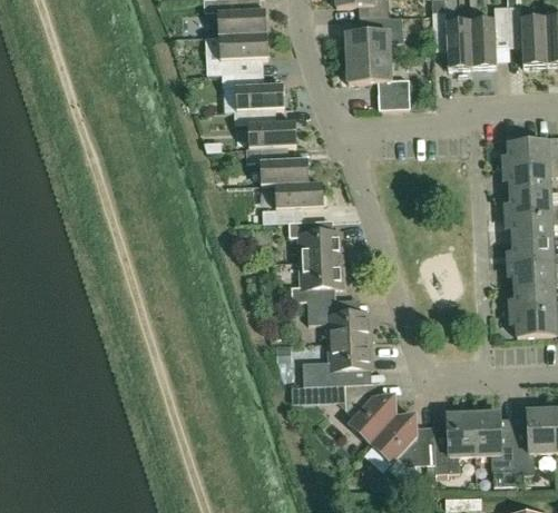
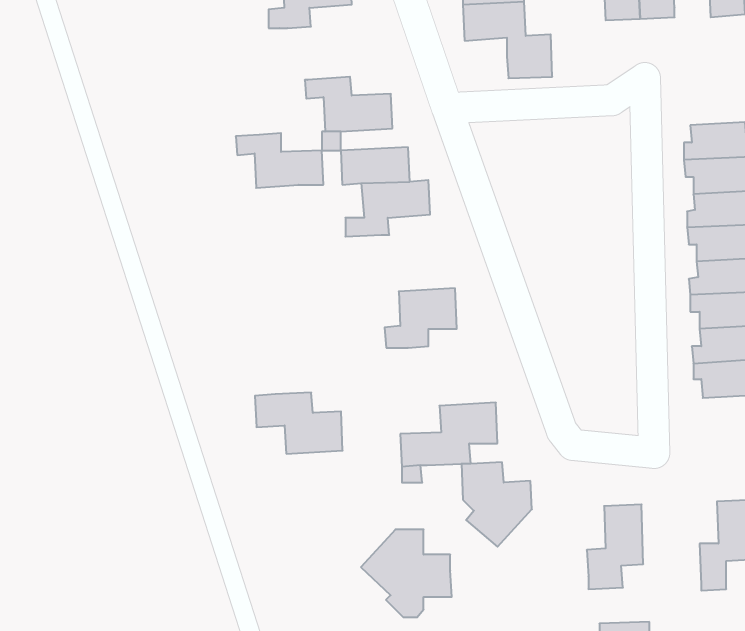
building: [222,71,284,110] -> [236,133,323,188]
building: [288,219,341,260] -> none
building: [307,298,370,342] -> [255,393,343,454]
building: [473,411,516,470] -> none
building: [371,415,435,477] -> [361,529,452,617]

